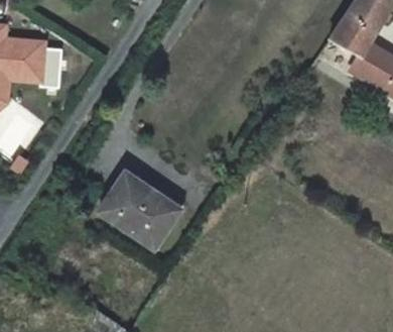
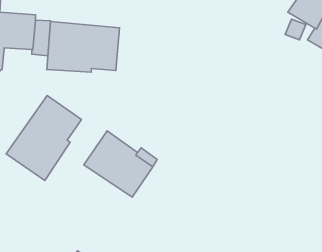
building: none -> [47,22,119,72]
building: none -> [6,95,82,180]

